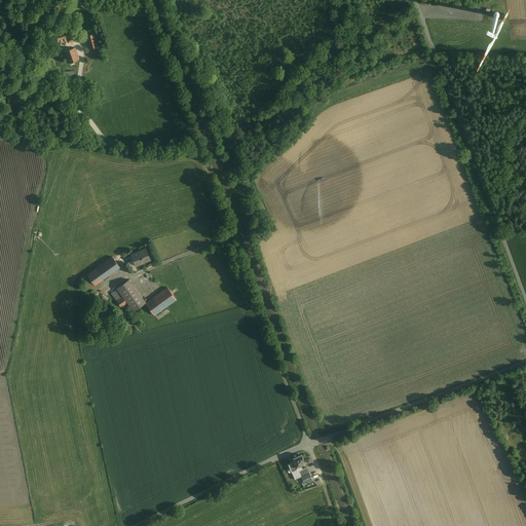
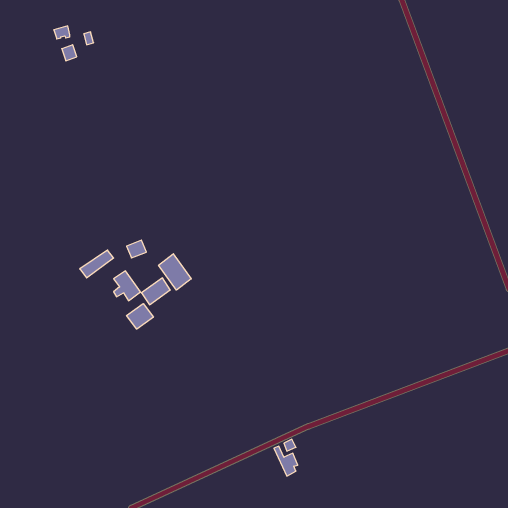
building: none -> [159,254,191,290]
building: none -> [127,304,153,329]

